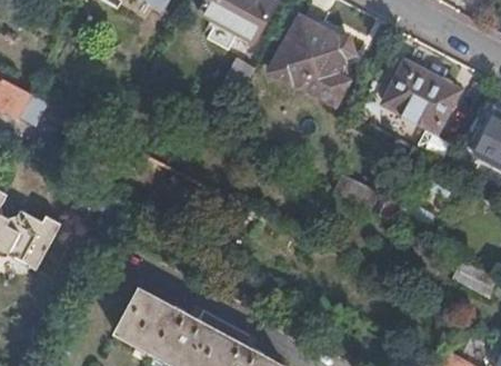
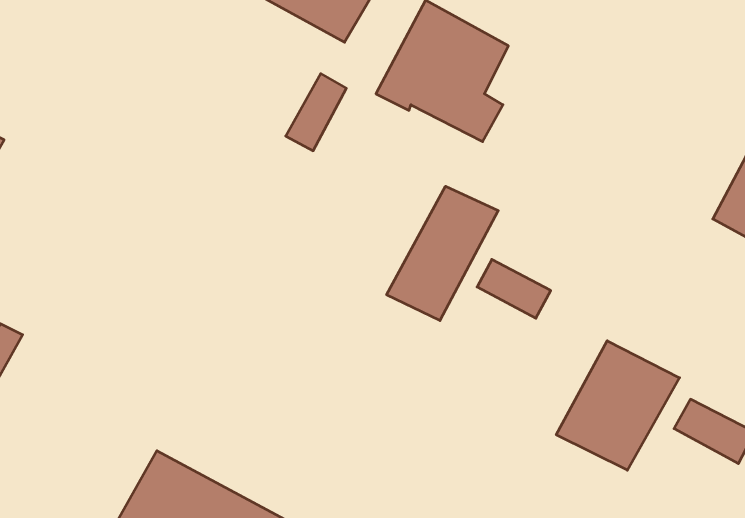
building: [385,57,460,130] -> none
building: none -> [387,186,498,321]
building: none -> [556,341,680,470]

